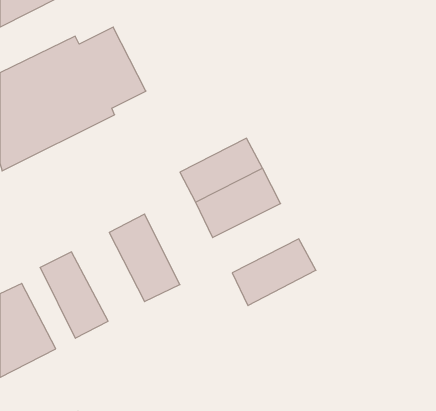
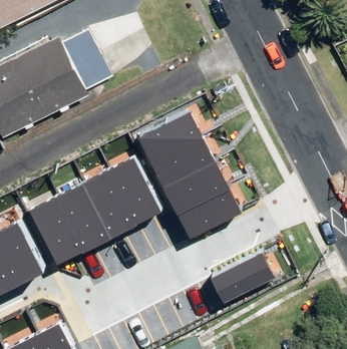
building: none -> [111,157,164,225]
building: none -> [163,162,230,216]
building: none -> [55,185,111,253]
building: none -> [211,252,274,301]

